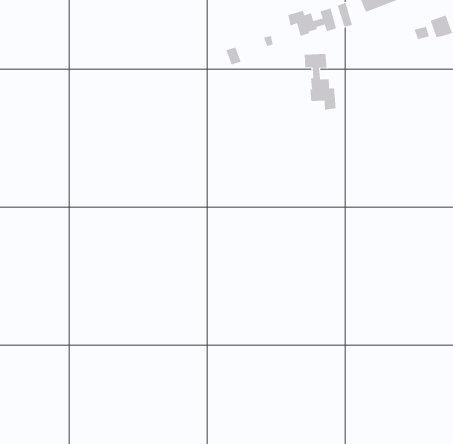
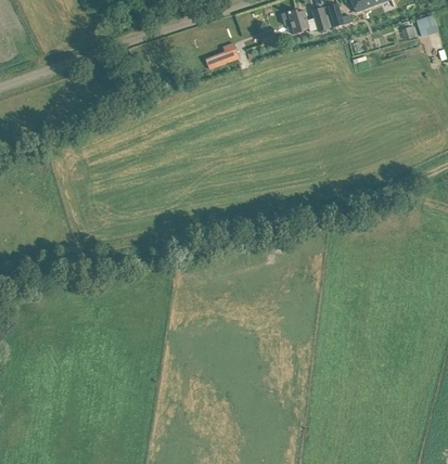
building: [304,53,336,110] -> none

